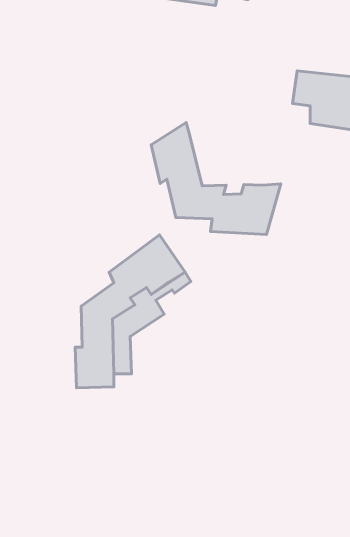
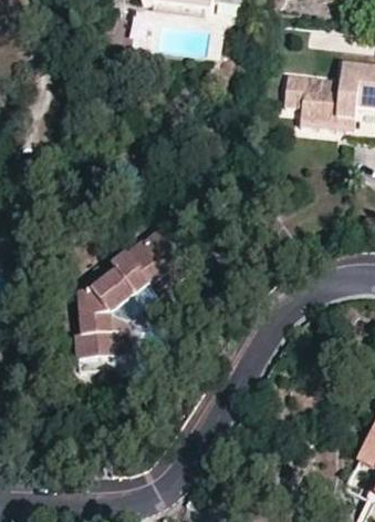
building: [151,123,281,234] -> none

